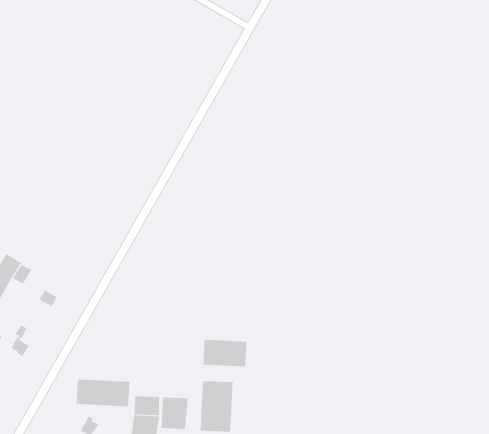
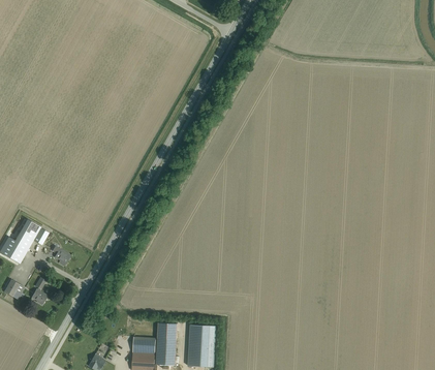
building: [203,339,247,367] -> none
building: [76,379,130,407] -> none

